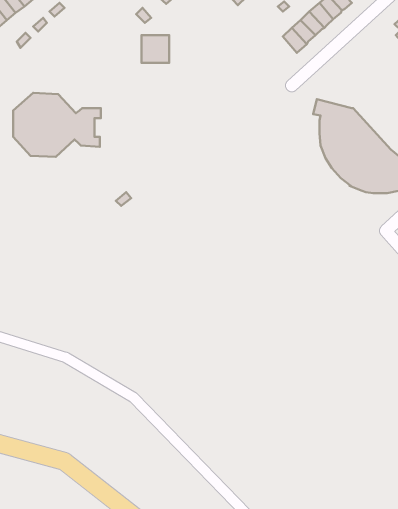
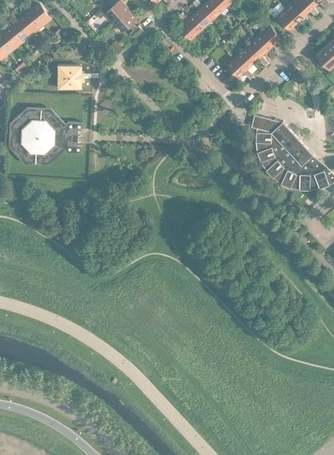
building: [142,35,169,63] -> [57,66,79,88]

